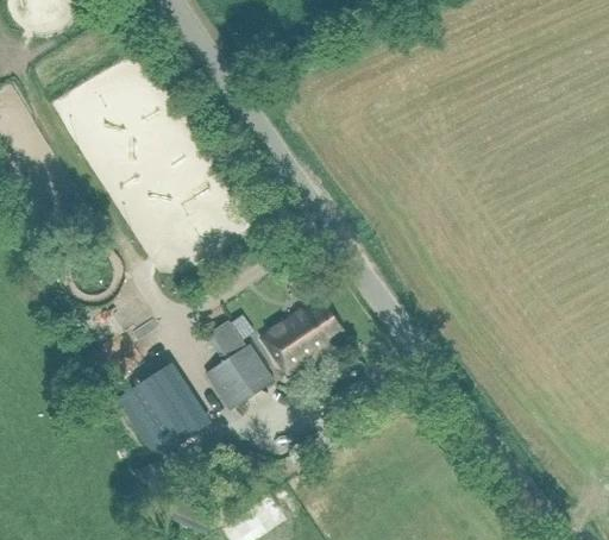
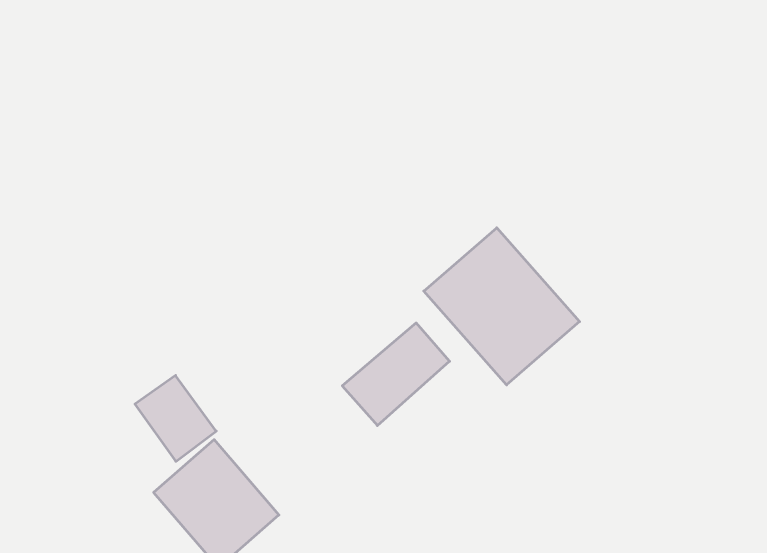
building: none -> [424,228,580,385]
building: [205,318,274,407] -> none

